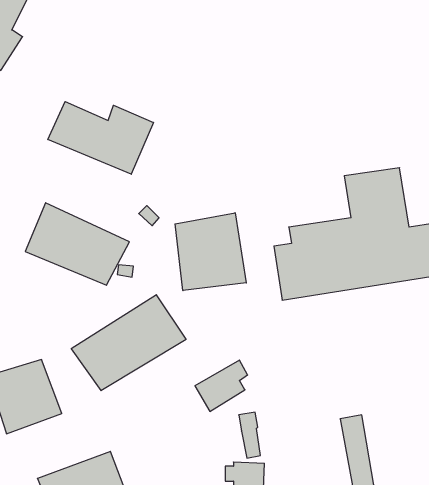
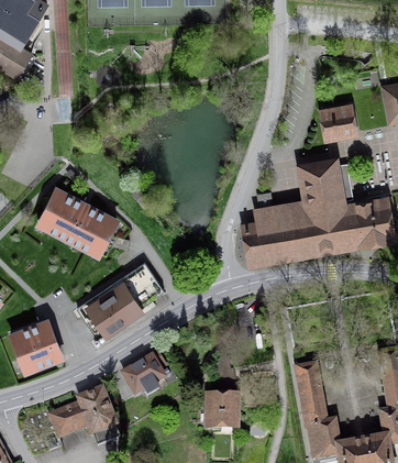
building: [48,102,153,174] -> none
building: none -> [321,107,361,142]
building: [175,213,246,291] -> none
building: [195,360,248,411] -> [120,354,163,396]

